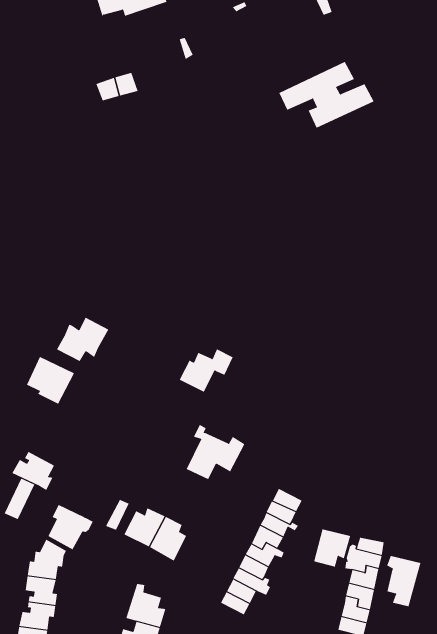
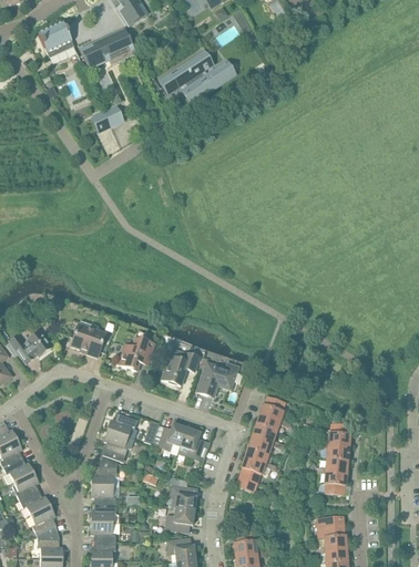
building: [279,61,374,128] -> [159,51,229,103]
building: [56,317,109,362] -> [117,337,154,370]
building: [179,349,233,392] -> [161,352,198,385]
building: [11,451,55,490] -> [106,412,137,439]
building: [313,529,351,567] -> none
building: [386,555,421,607] -> none

